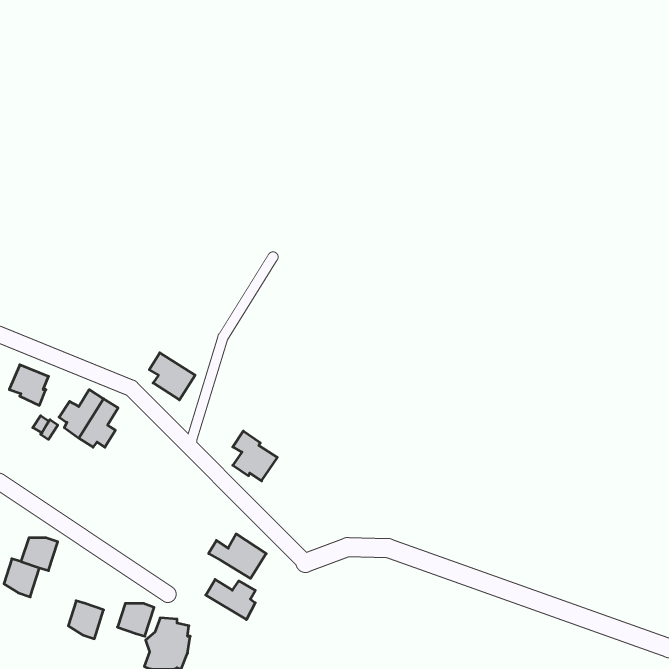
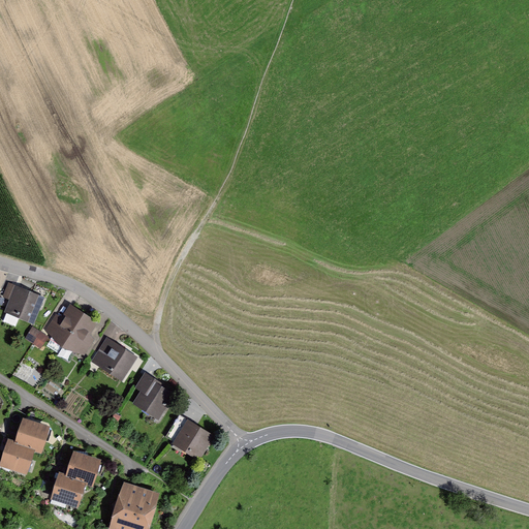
building: [149,353,195,400] -> [97,339,133,376]
building: [233,431,277,481] -> [135,374,170,413]
building: [206,579,255,620] -> none
building: [117,603,154,636] -> [67,457,96,483]

